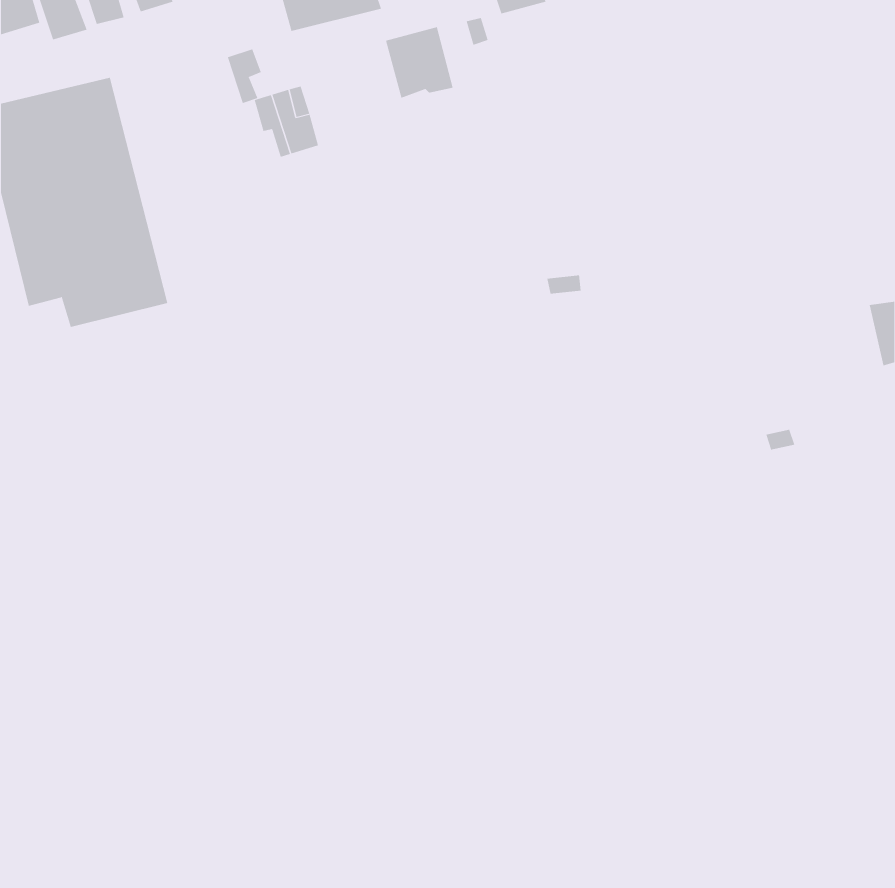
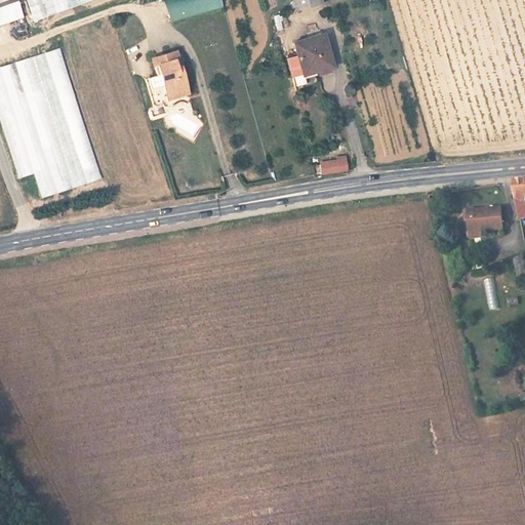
building: [385,27,453,98] -> [292,32,332,74]
building: [227,48,262,104] -> none
building: none -> [467,211,502,235]

